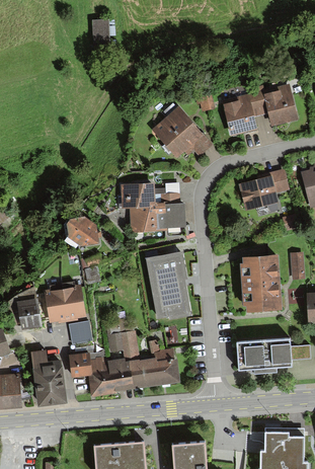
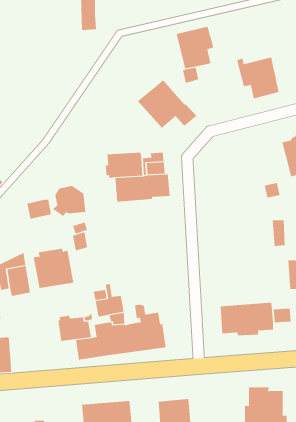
building: [221,92,260,137] -> [176,26,214,69]
building: [238,168,289,211] -> none
building: none -> [27,199,52,219]
building: [145,251,191,321] -> none
building: [239,254,282,312] -> none
building: [68,320,93,344] -> none
building: [30,349,67,408] -> none

